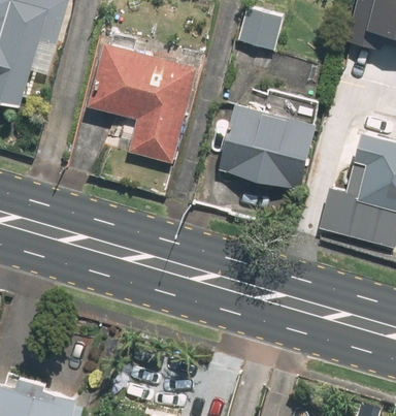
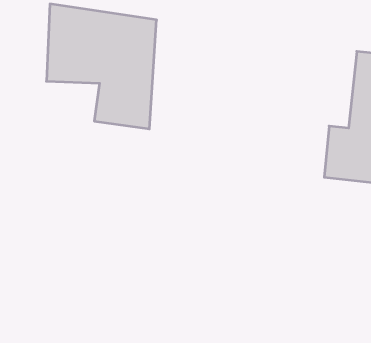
building: [216,101,315,197] -> none

